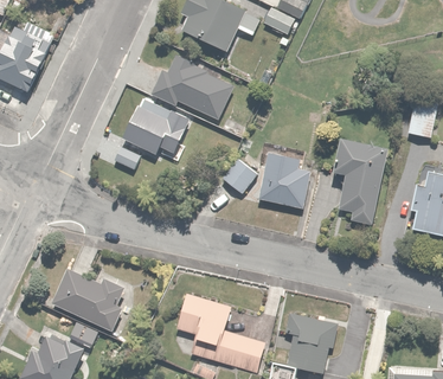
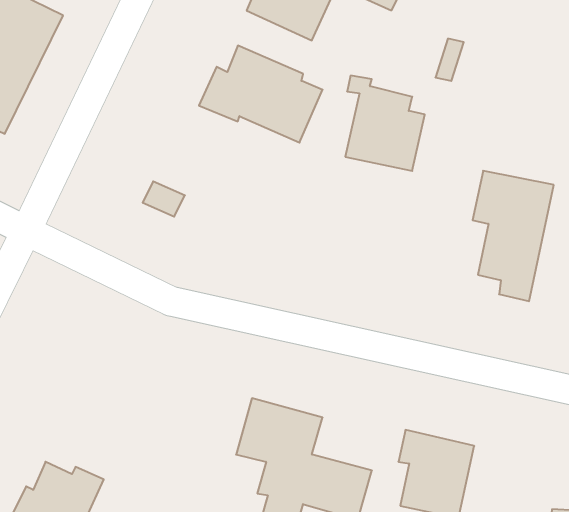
building: [121,98,190,154] -> none
building: [257,144,310,208] -> [345,76,425,171]
building: [220,159,256,194] -> none
building: [51,268,123,330] -> none

